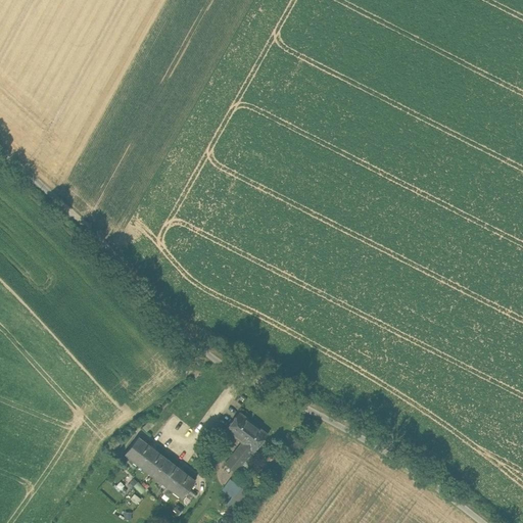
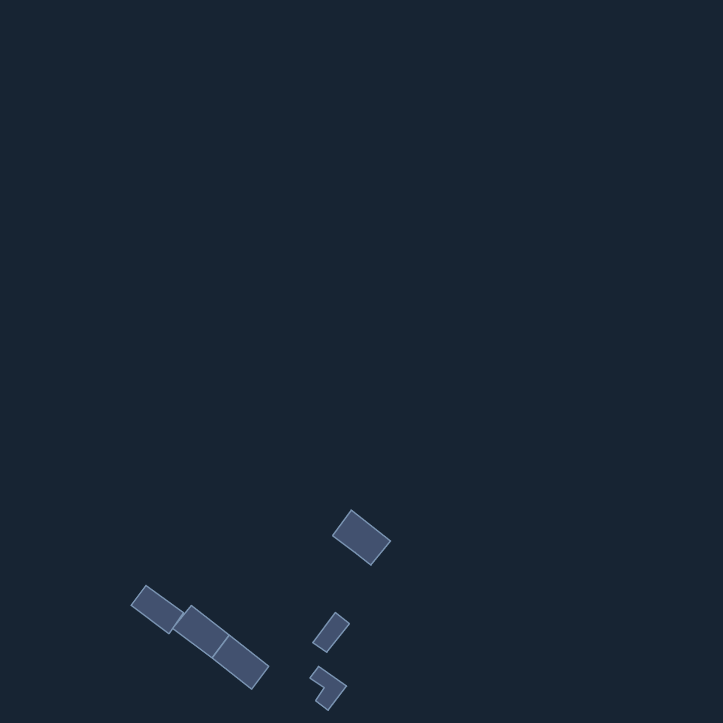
building: [226,412,268,451] -> [333,510,391,565]
building: none -> [131,585,183,634]

